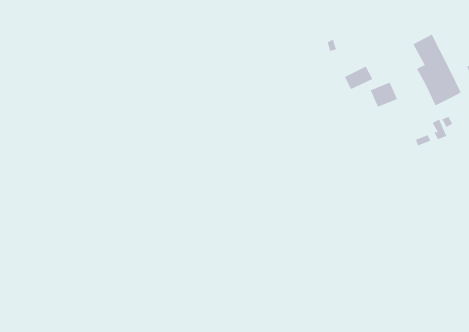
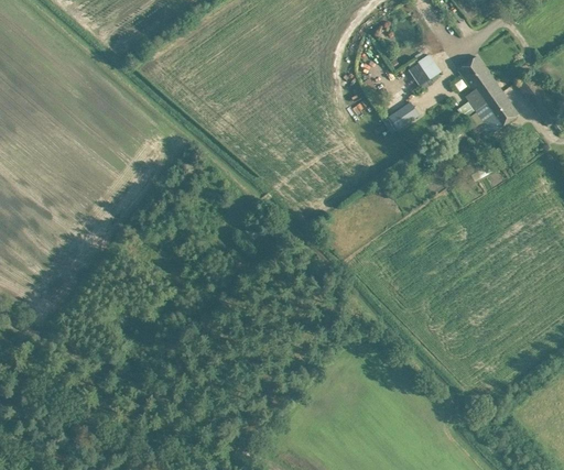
building: [370,82,398,107] -> [408,56,440,86]

